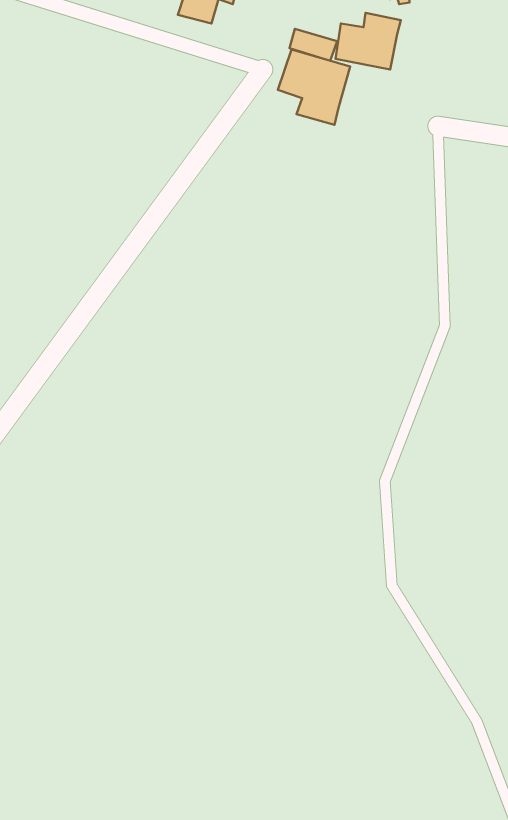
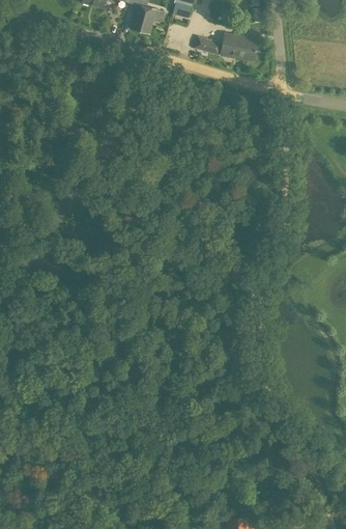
building: [278,49,350,125] -> none

